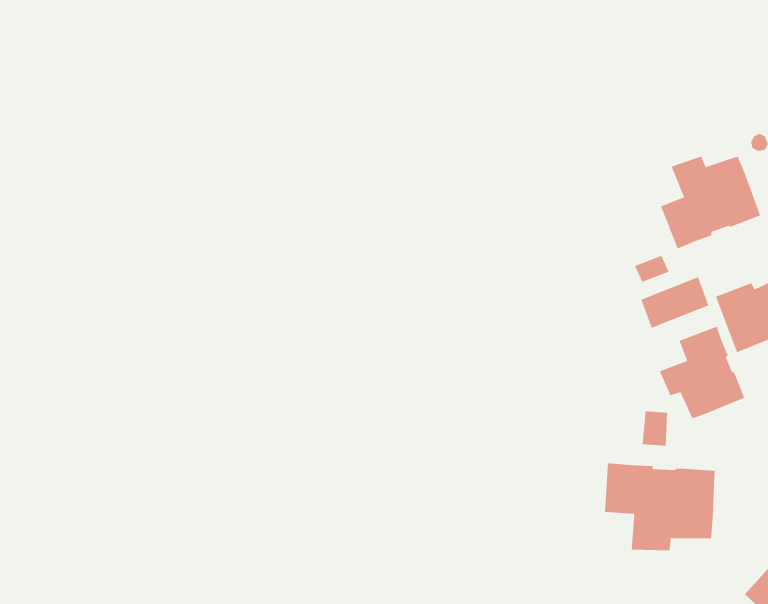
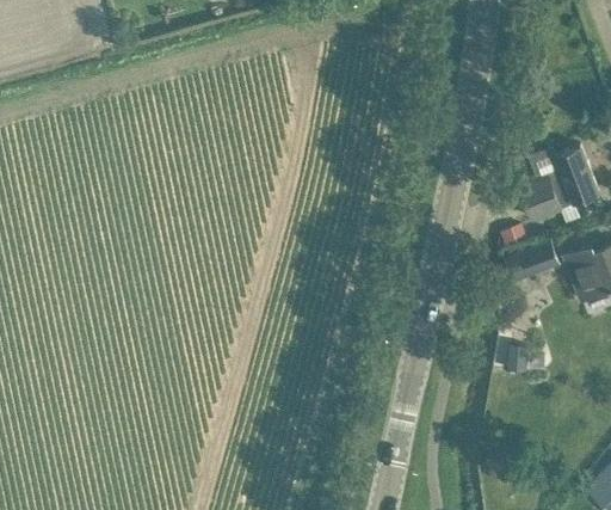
building: [659,326,745,419] -> none
building: [604,463,715,551] -> none

